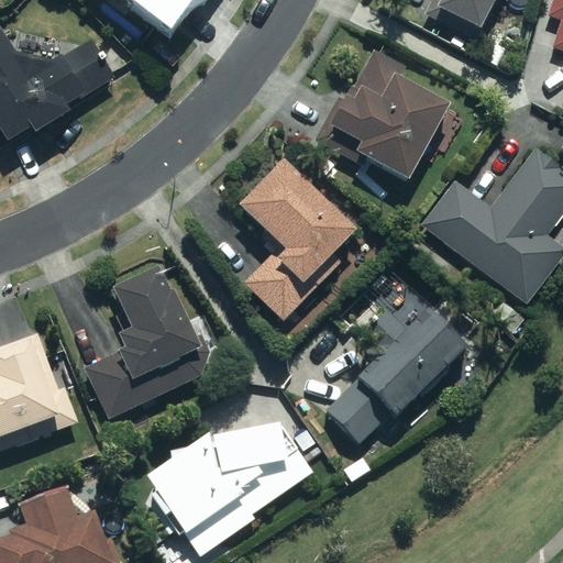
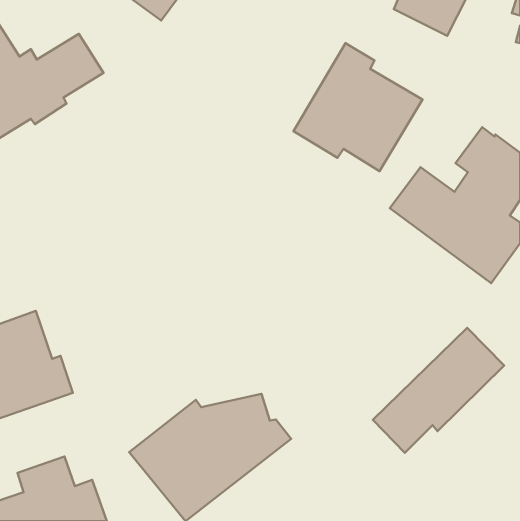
building: [236,155,355,318] -> none
building: [80,267,206,422] -> none
building: [327,309,467,443] -> [373,328,504,453]

